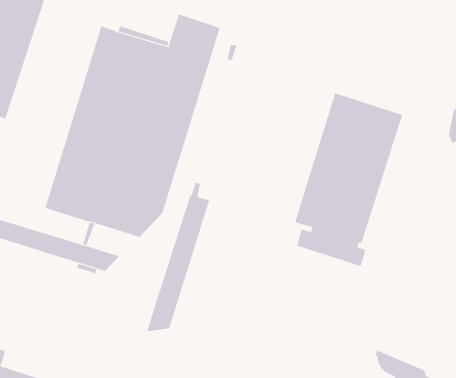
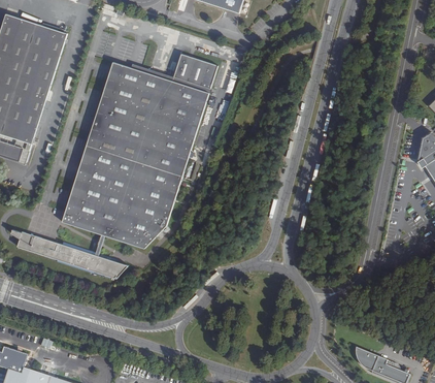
building: [295,93,403,267] -> none
building: [147,182,210,332] -> none

